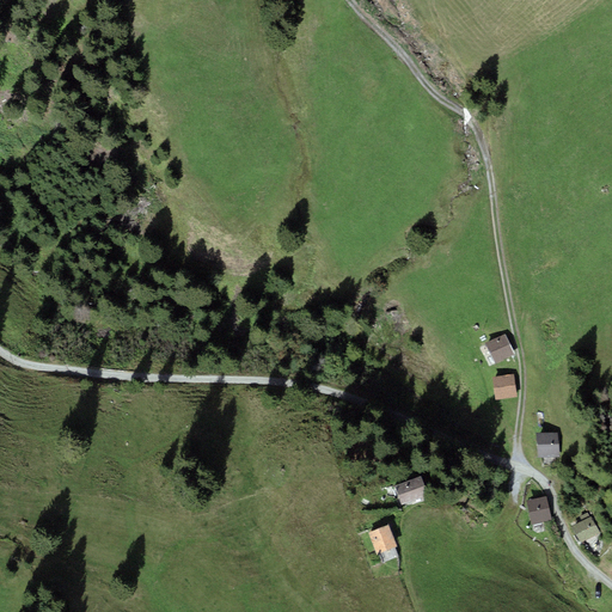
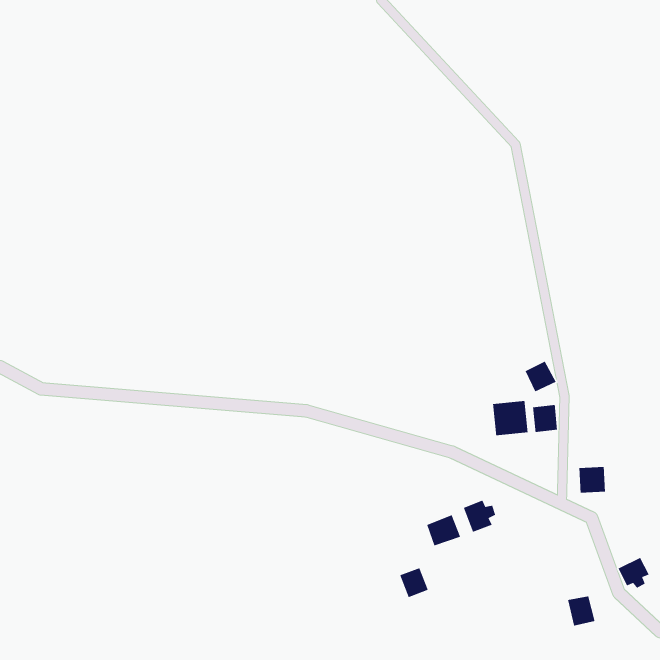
building: none -> [492,400,529,436]
building: none -> [463,500,496,533]
building: [526,496,552,525] -> [567,596,595,627]

